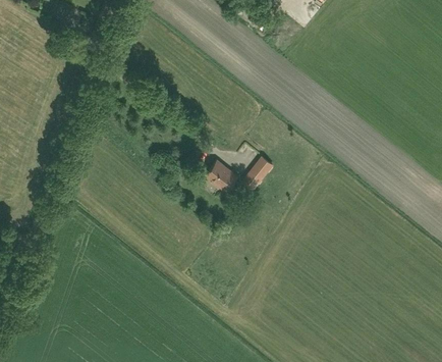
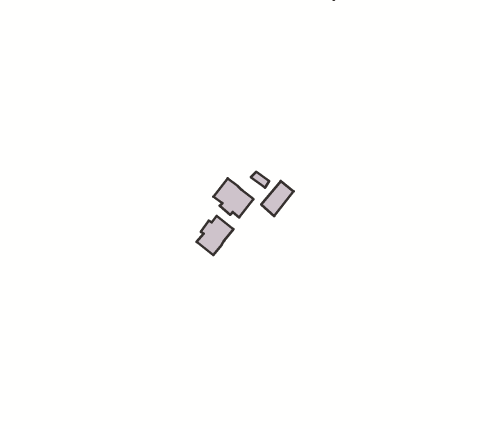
building: none -> [197,216,233,255]

